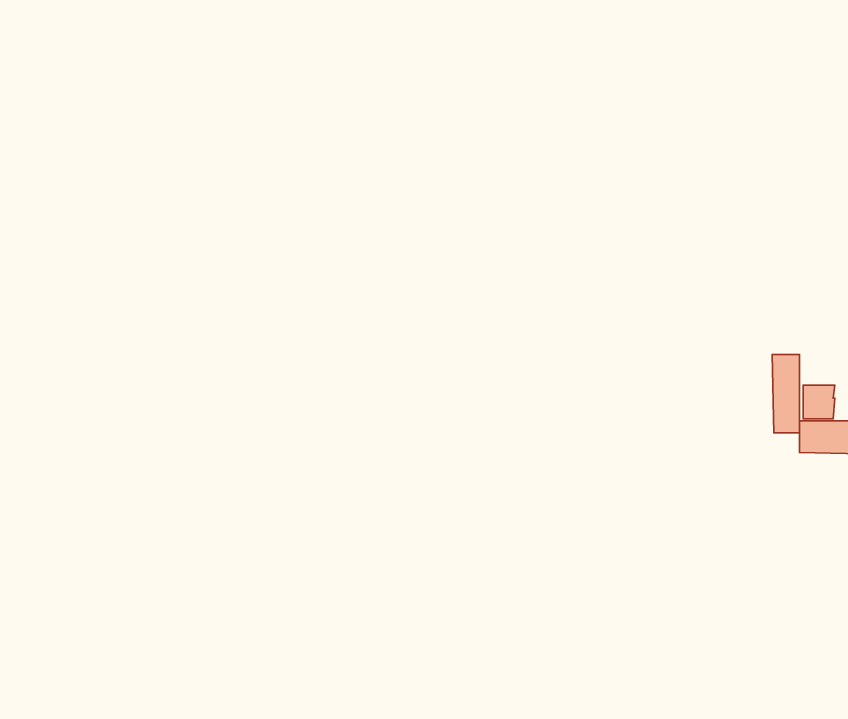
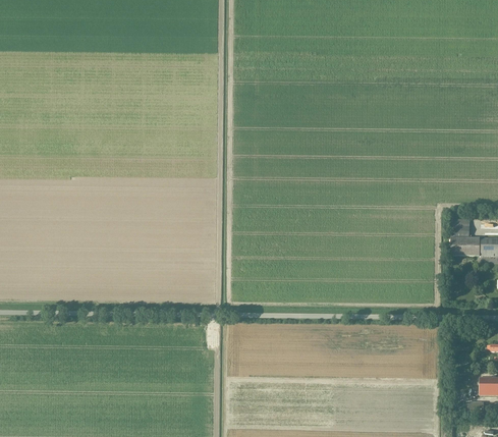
building: [772,355,799,433] -> none

